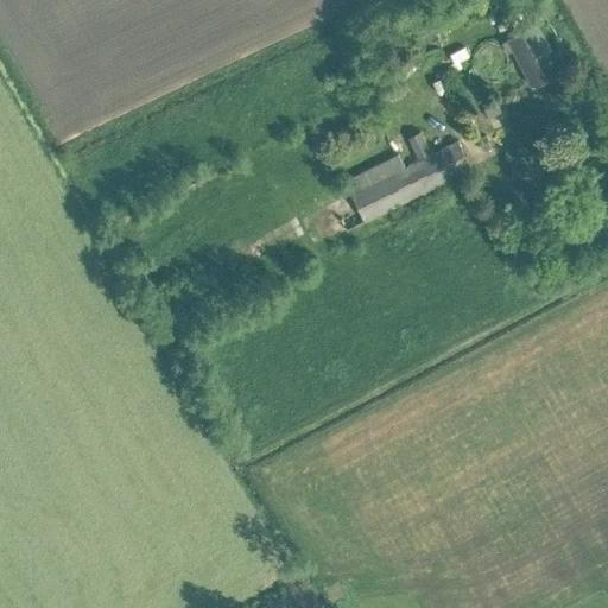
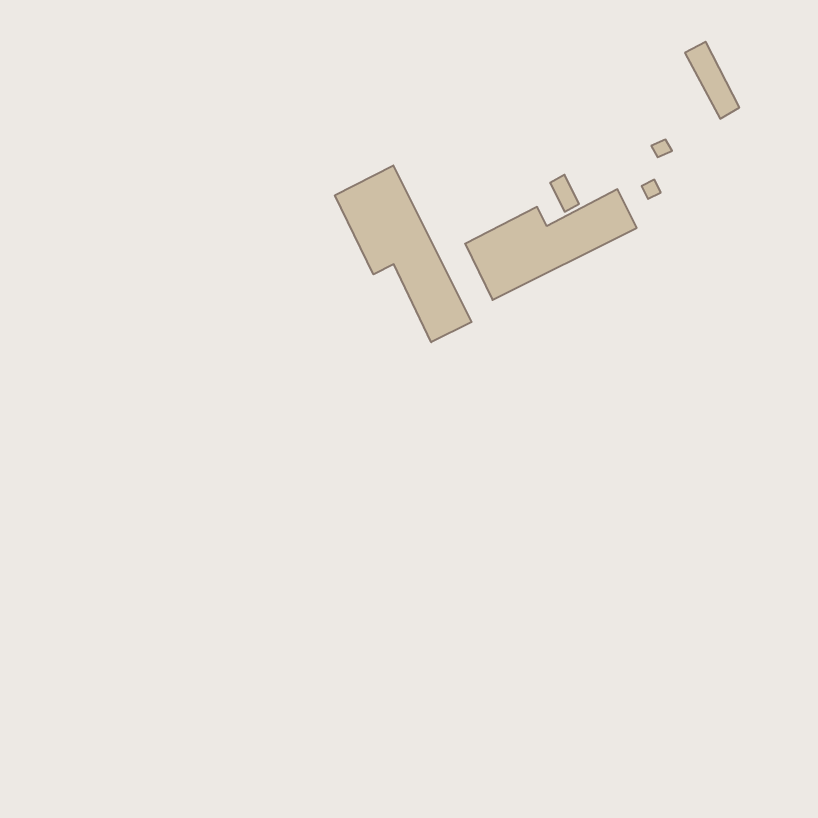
building: none -> [335,165,472,342]

